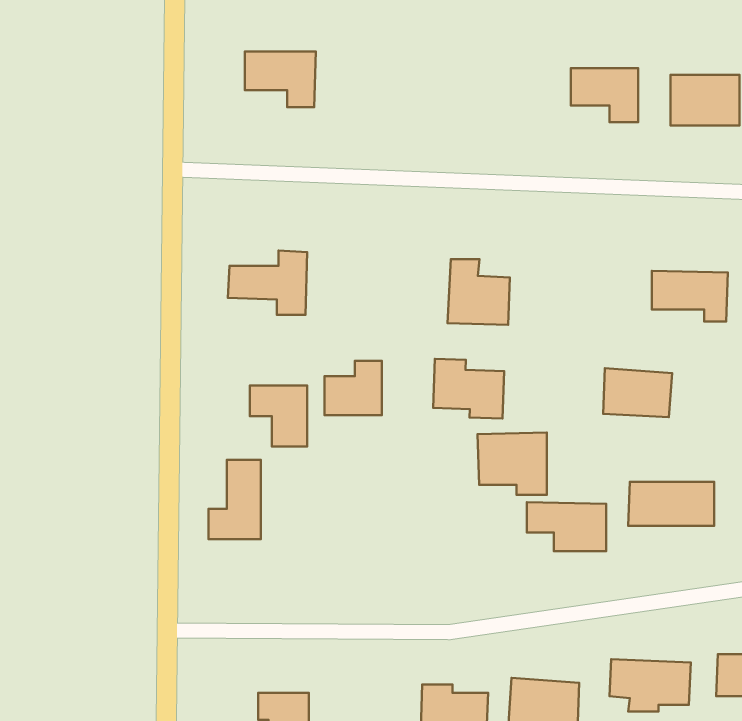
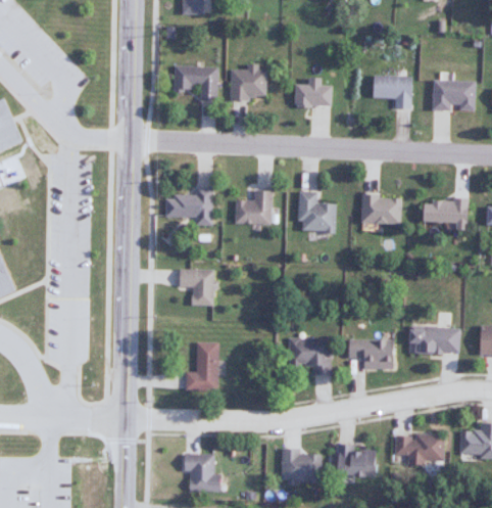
building: none -> [231,68,265,99]
building: none -> [295,78,333,106]
building: [433,359,504,419] -> none
building: [324,361,382,415] -> [236,190,270,223]
building: [603,368,672,417] -> [360,194,402,224]
building: [478,432,547,495] -> [289,336,331,374]
building: [208,460,261,539] -> [186,341,217,389]

